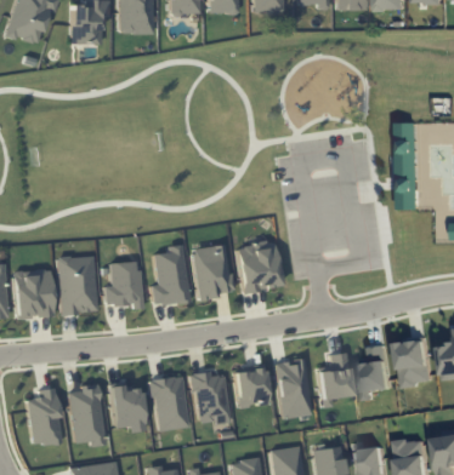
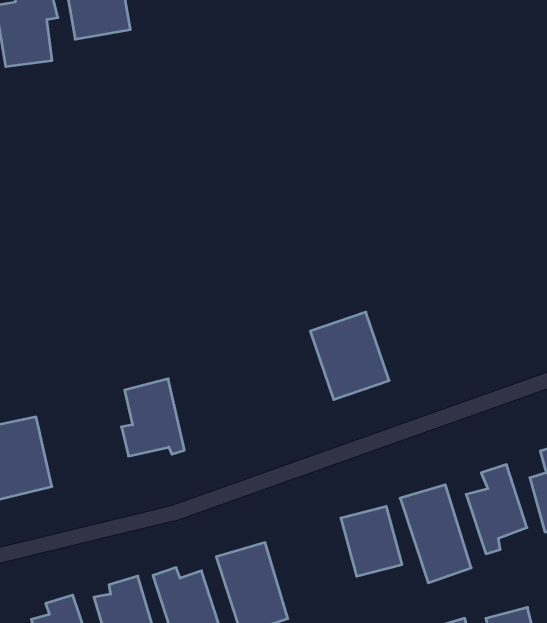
building: [148,244,188,305] -> none
building: [189,244,231,298] -> none
building: [56,256,95,314] -> none
building: [191,372,228,424] -> none

